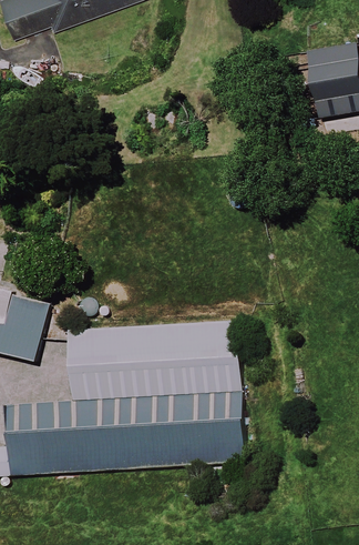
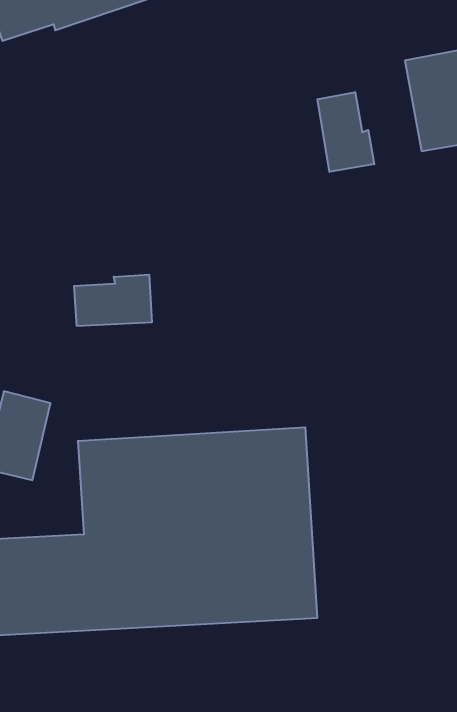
building: none -> [317,92,374,172]
building: none -> [74,275,152,326]

